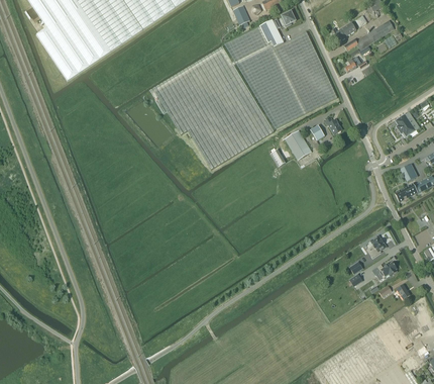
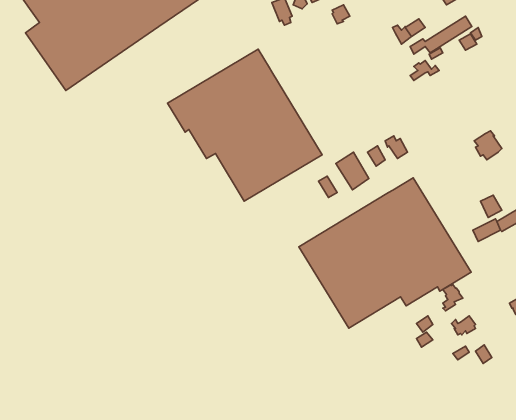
building: [224,17,337,127] -> none
building: none -> [299,178,471,328]

